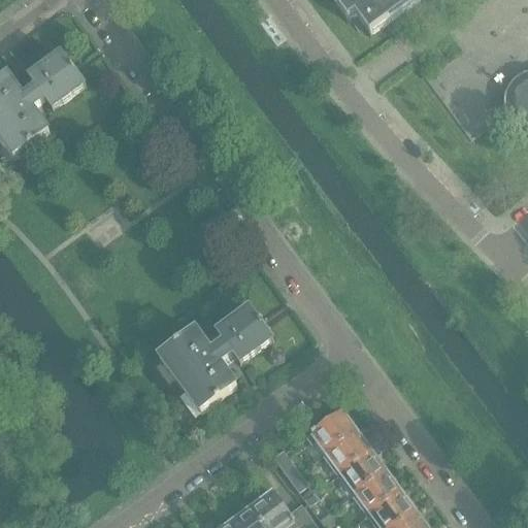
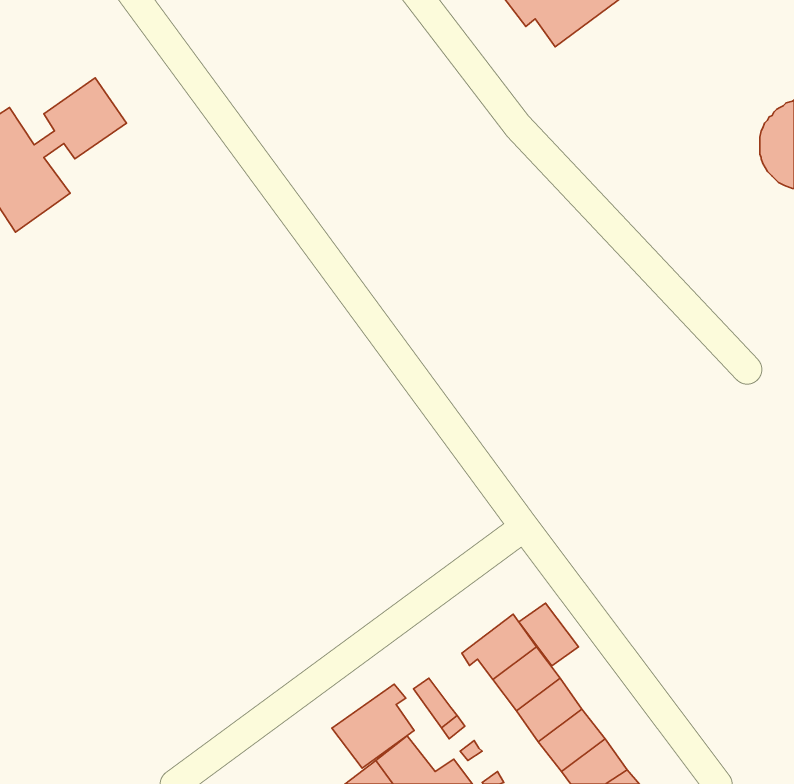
building: [158,306,270,408] -> none
building: none -> [519,603,579,666]
building: none -> [332,684,414,768]

